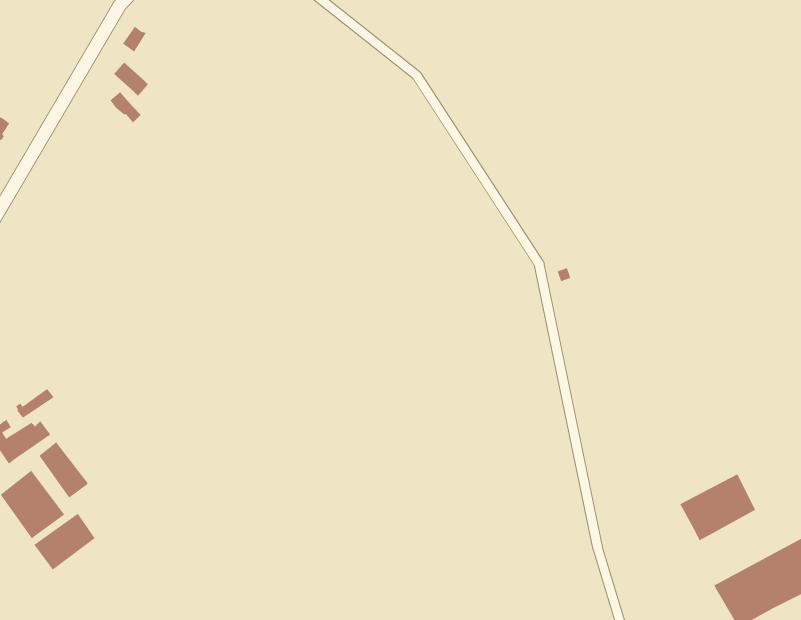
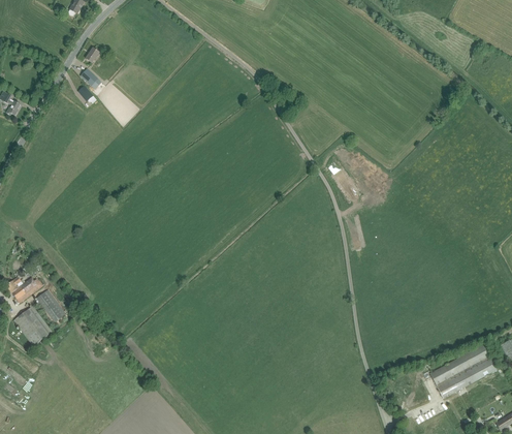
building: [680,473,756,541] -> none
building: [34,513,96,571] -> none

